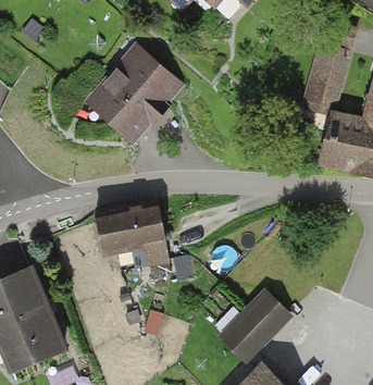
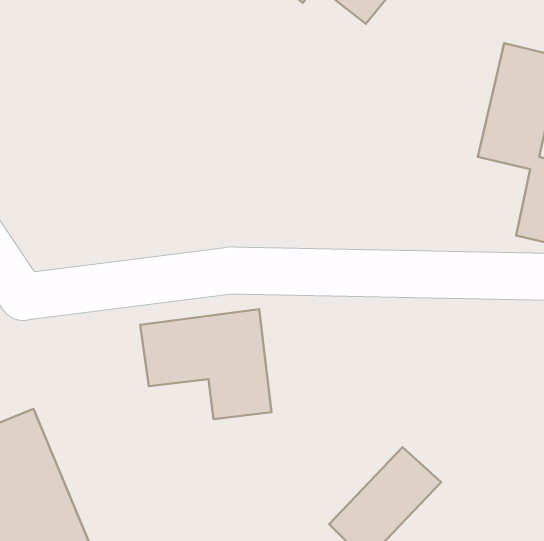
building: [87,39,186,141] -> none

